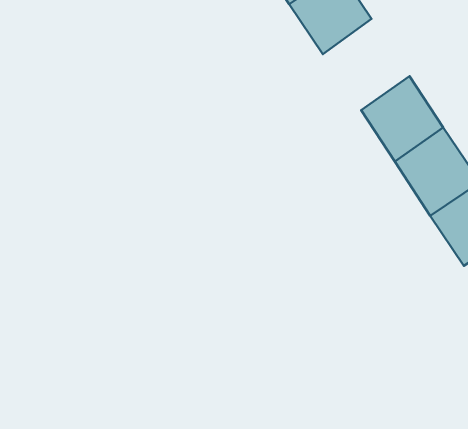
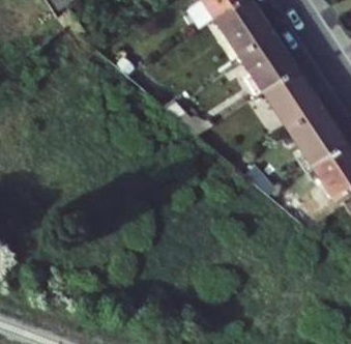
building: none -> [237,28,298,92]

